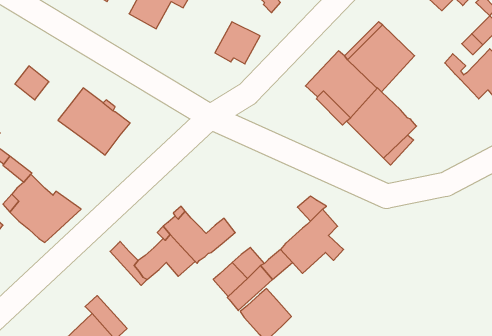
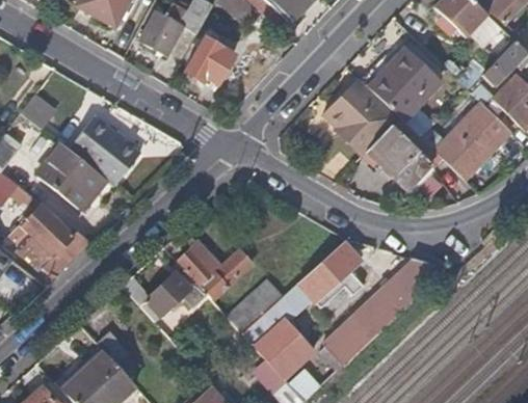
building: [215,22,260,64] -> [185,39,232,83]
building: none -> [433,102,508,178]
building: none -> [38,145,107,211]
building: none -> [318,258,445,366]

